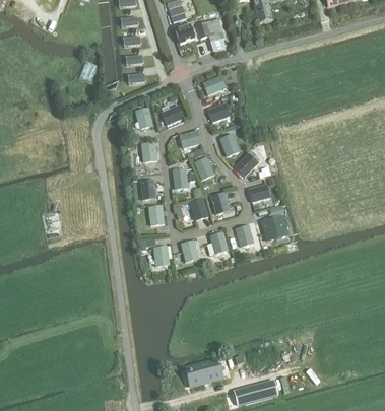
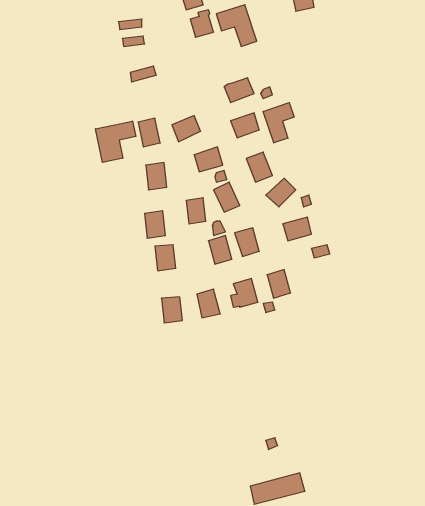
building: none -> [263,103,294,143]
building: none -> [96,121,136,162]
building: [262,216,286,239] -> none
building: [189,360,221,385] -> none

